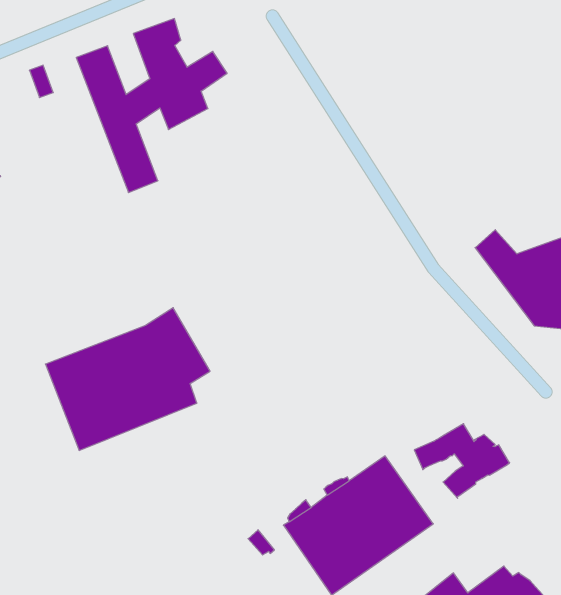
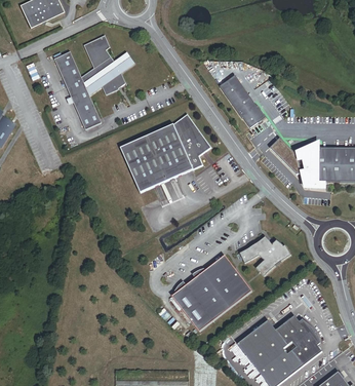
building: none -> [219,73,266,128]
building: [45,308,210,450] -> [118,111,206,190]

